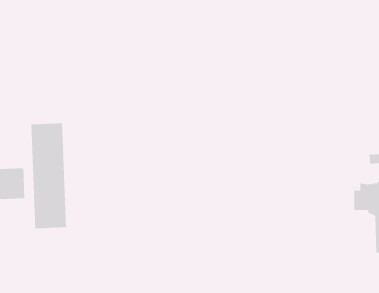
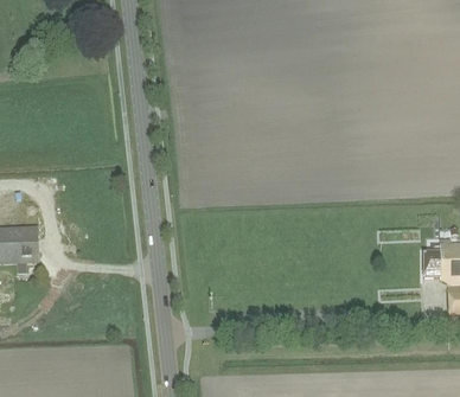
building: [31,122,67,229] -> none

